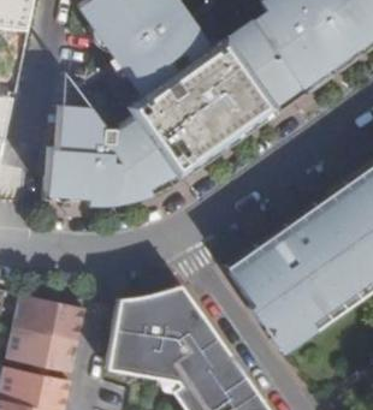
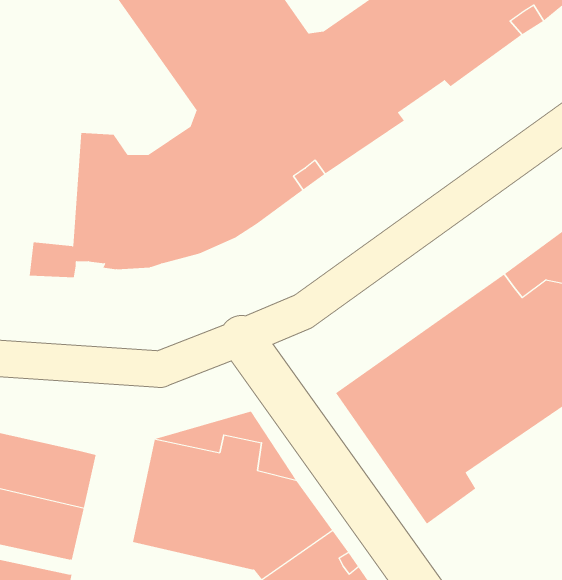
building: [47,106,96,183] -> none

